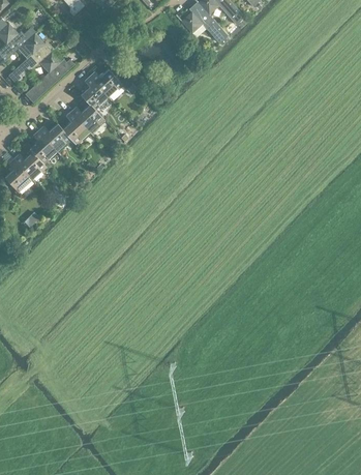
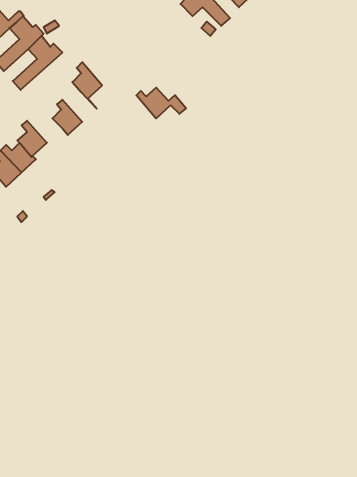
building: [89,69,136,98] -> [136,88,186,118]
building: [70,105,102,132] -> none
building: [37,123,70,152] -> none

